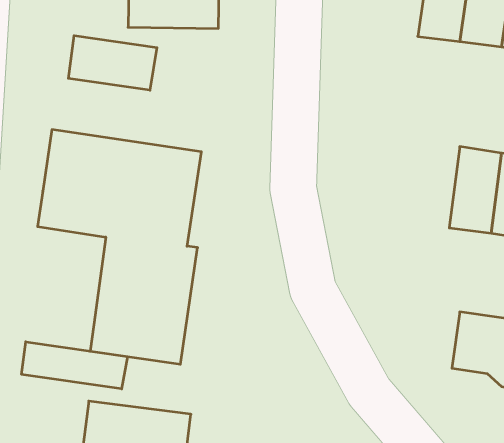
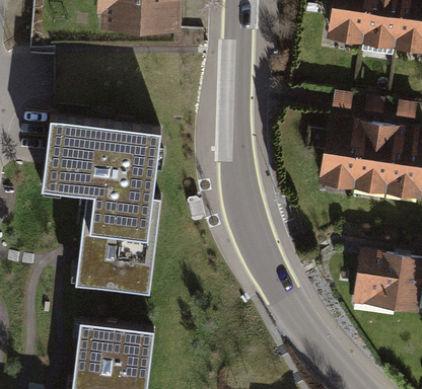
building: [68,36,157,90] -> none
building: none -> [322,123,362,189]
building: [22,342,127,389] -> none

